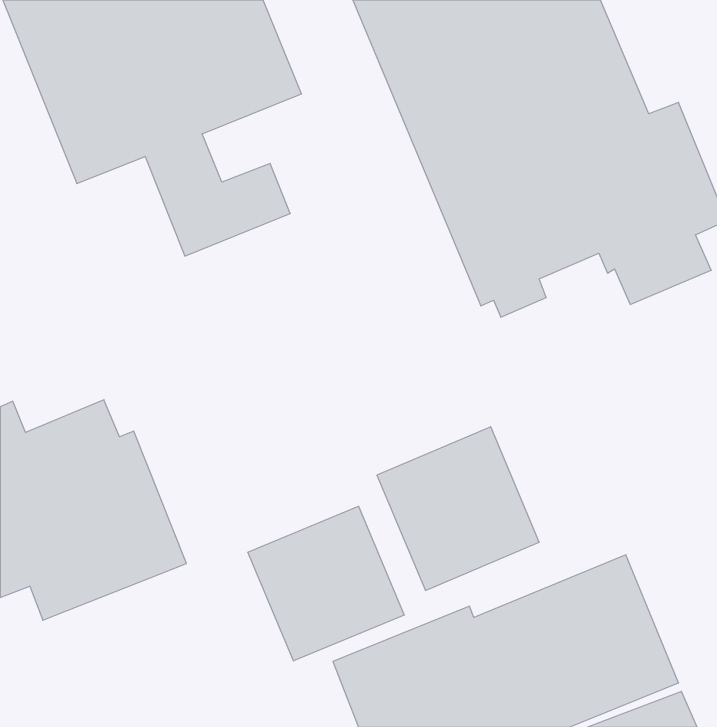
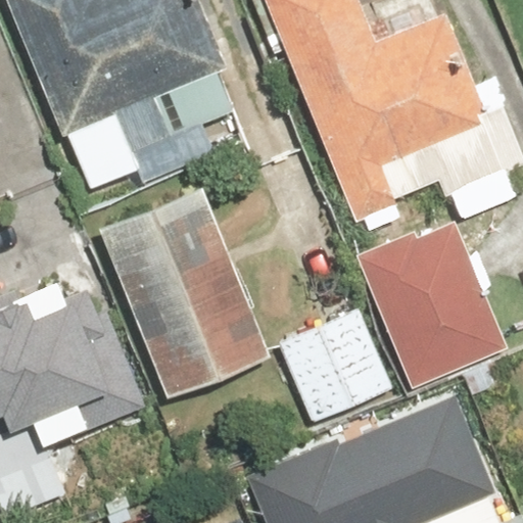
building: none -> [96,185,270,399]
building: none -> [356,221,509,387]
building: [248,506,404,661] -> none

